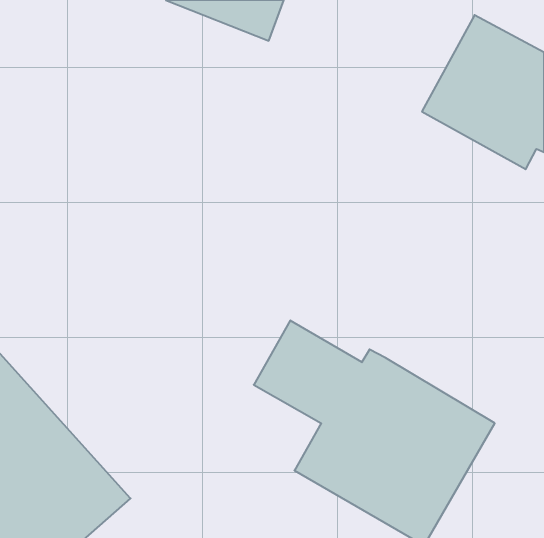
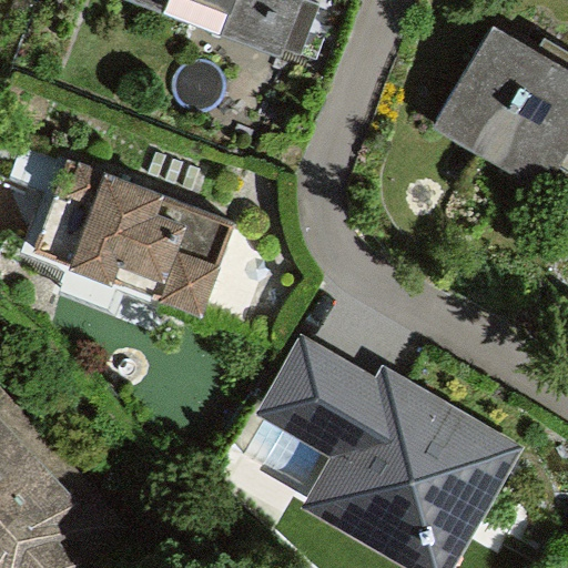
building: none -> [22,154,232,322]

